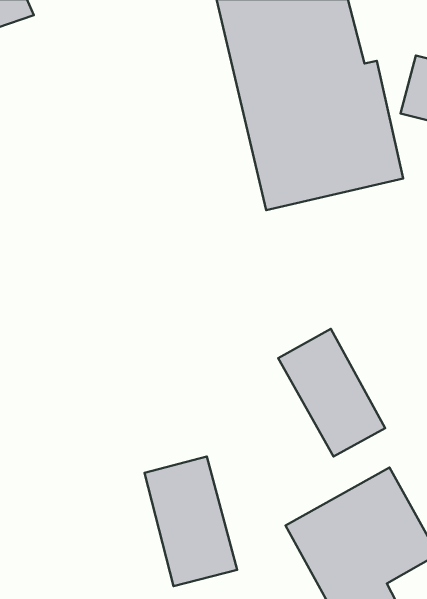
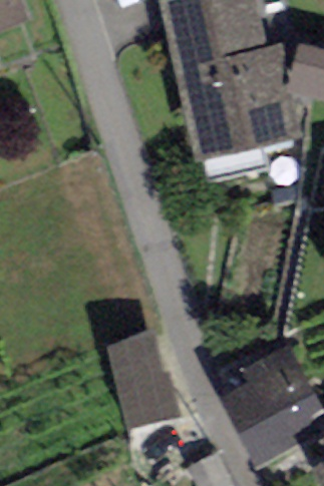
building: [278,329,385,457] -> none

